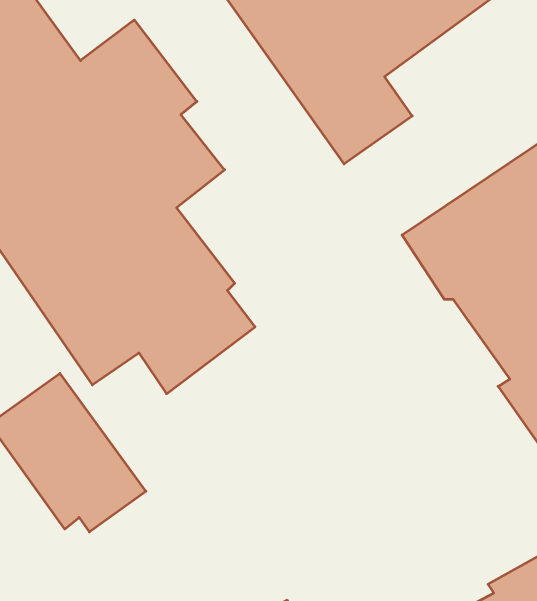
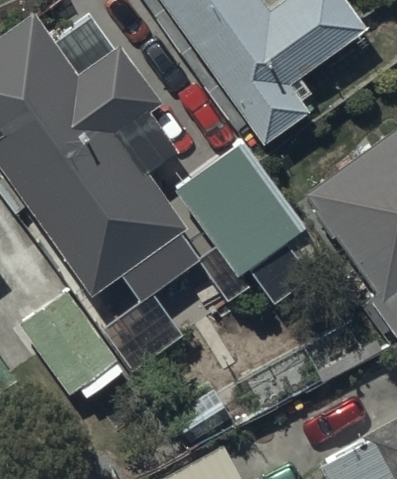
building: none -> [174,144,314,294]

